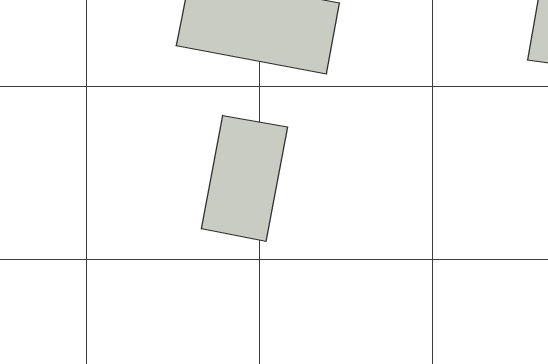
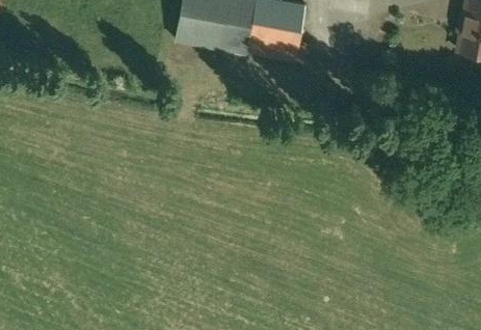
building: [202,115,287,241] -> none

